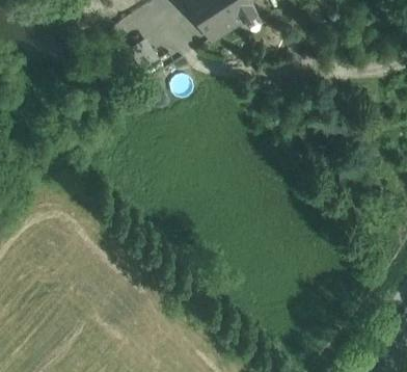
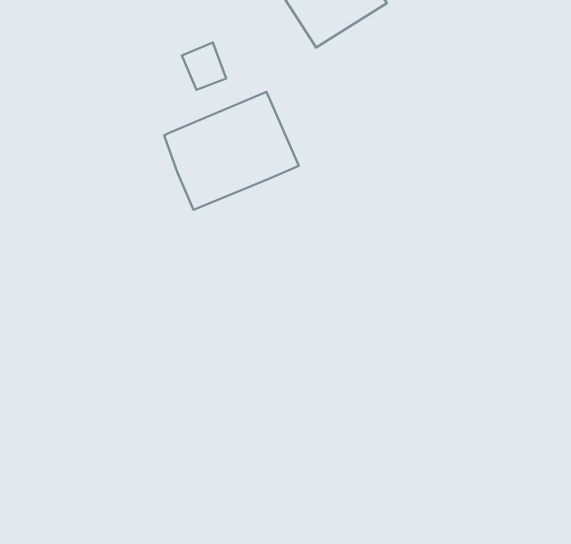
building: none -> [164,92,299,210]

